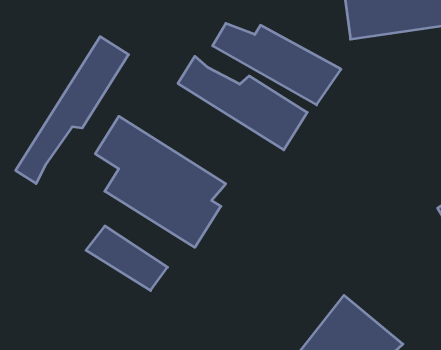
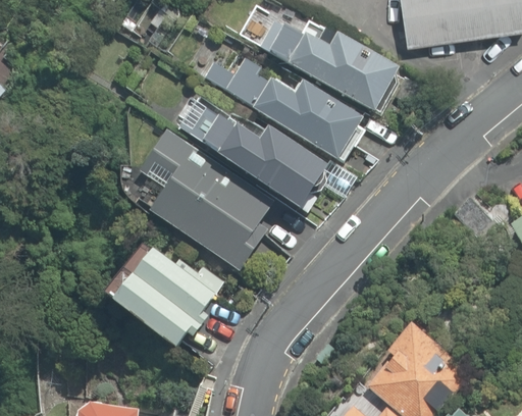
building: [16,37,129,184] -> none
building: none -> [185,97,333,206]
building: none -> [104,273,199,347]

